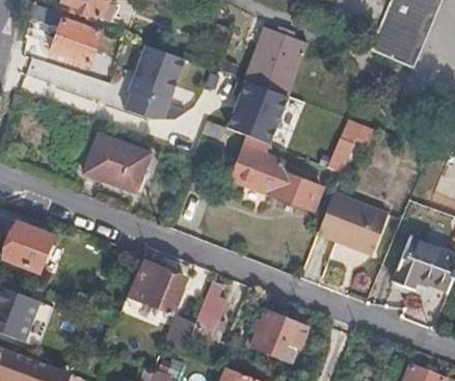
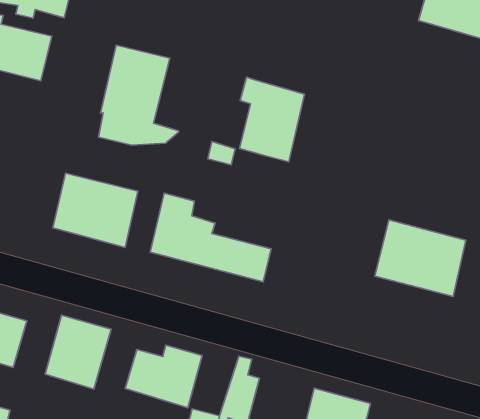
building: [243,26,306,96] -> none
building: [327,119,375,173] -> none
building: [232,136,321,209] -> [150,193,271,282]
building: none -> [45,315,111,389]

